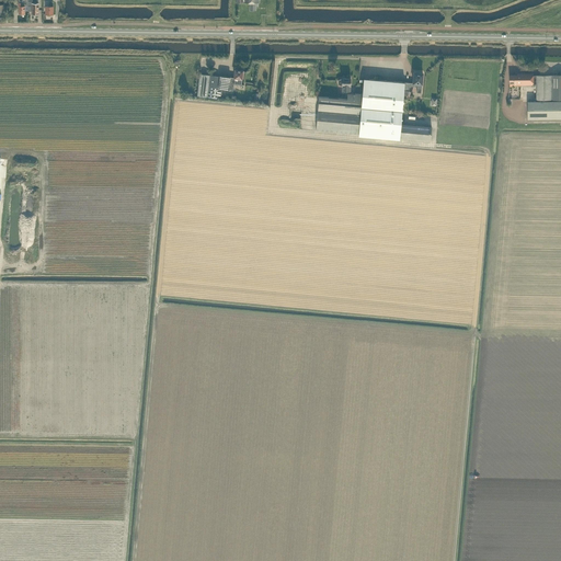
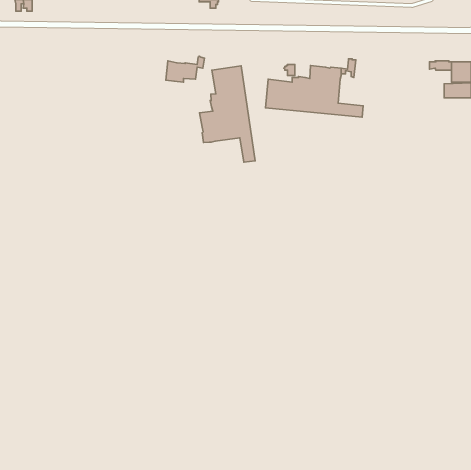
building: none -> [199,66,255,162]

